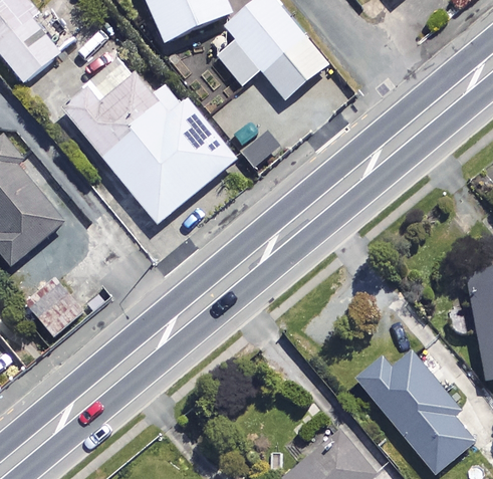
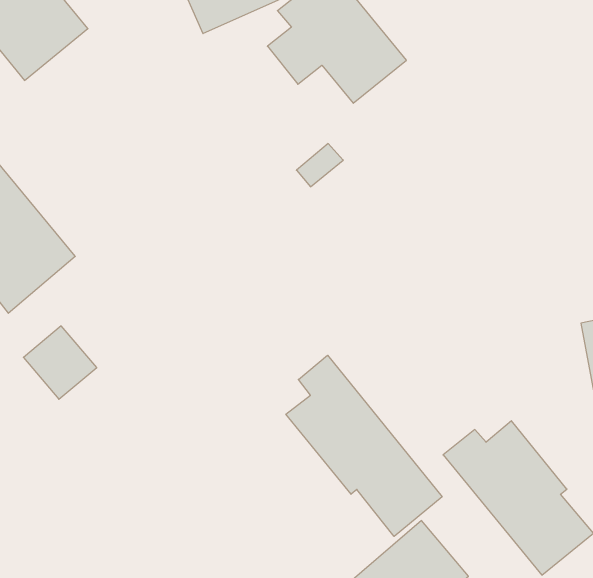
building: [62,59,236,223] -> none
building: none -> [286,355,442,536]

